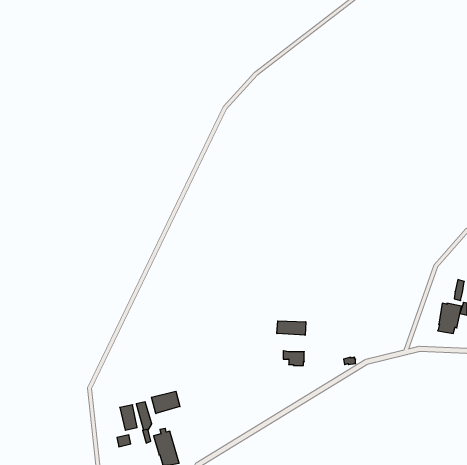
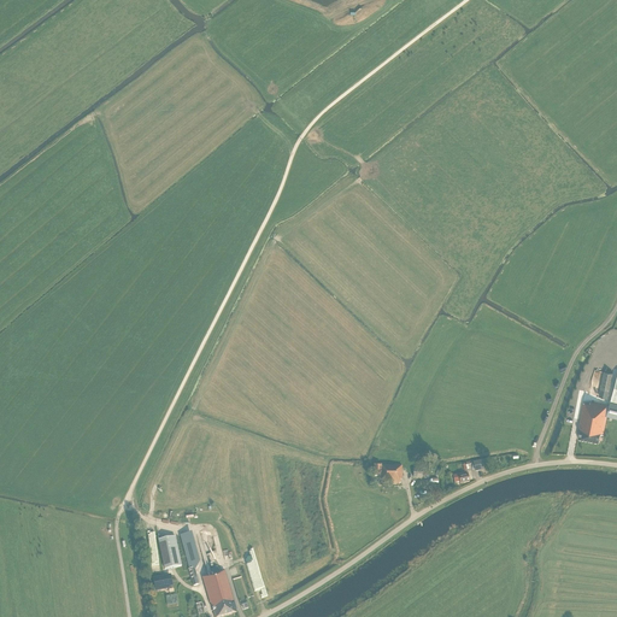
building: [277,321,306,335] -> none
building: [151,391,180,414] -> none

